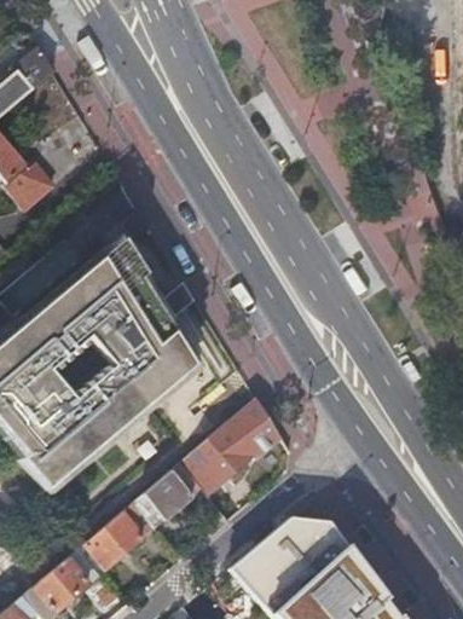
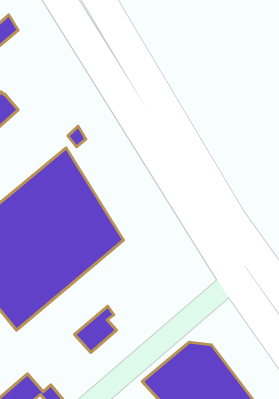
building: [190,398,282,493] -> none
building: [77,502,156,569] -> none

